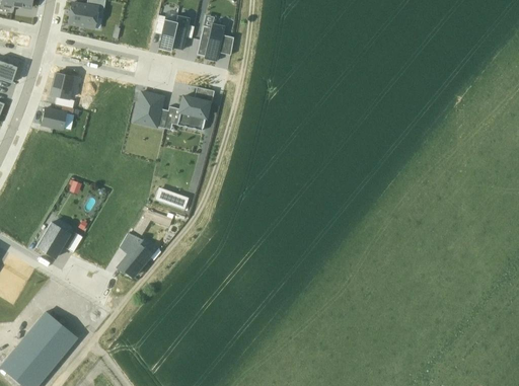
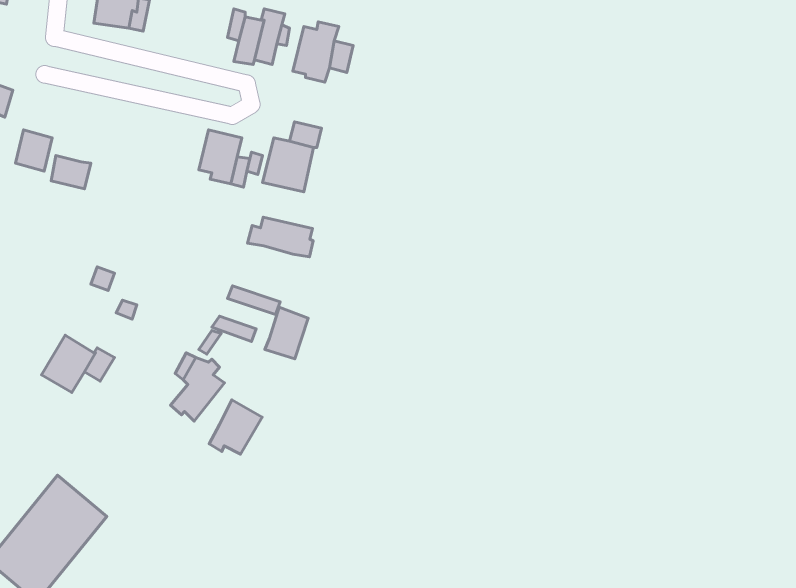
building: [51,72,74,98] -> [15,130,52,171]
building: none -> [248,217,313,257]
building: none -> [265,307,308,359]
building: none -> [209,400,262,454]

